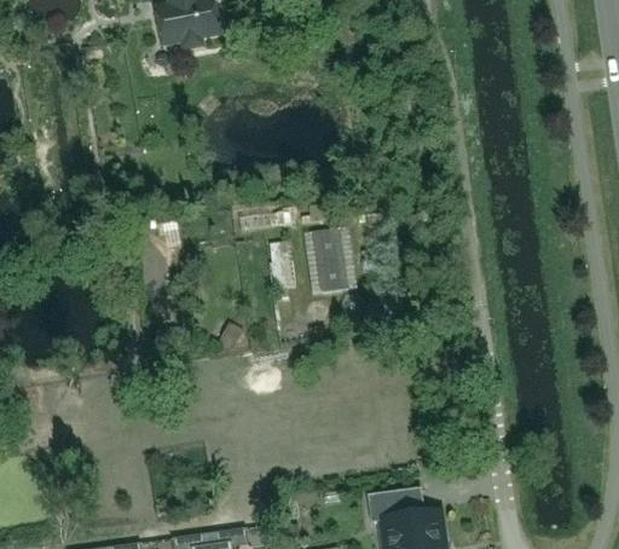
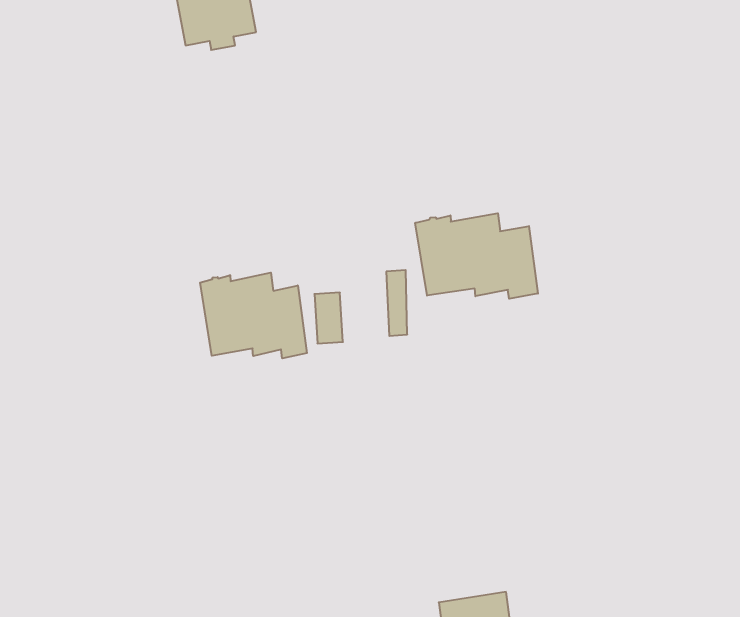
building: none -> [415,213,538,299]
building: none -> [200,273,307,358]

